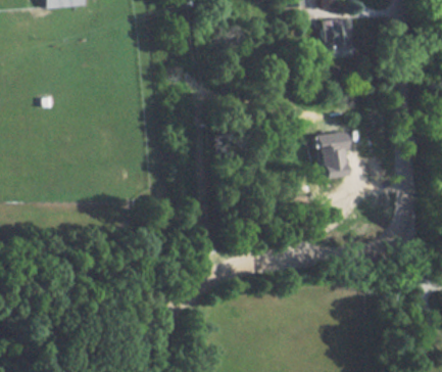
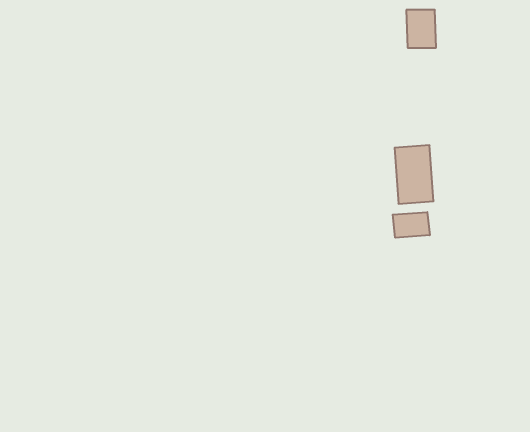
building: none -> [393,212,430,238]

